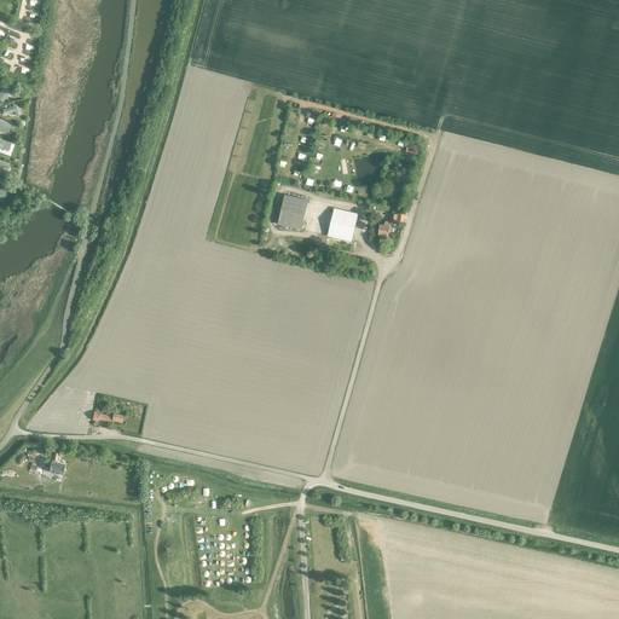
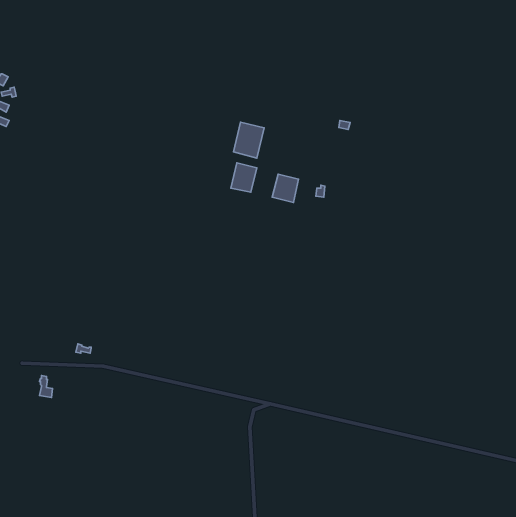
building: none -> [234,122,264,158]

